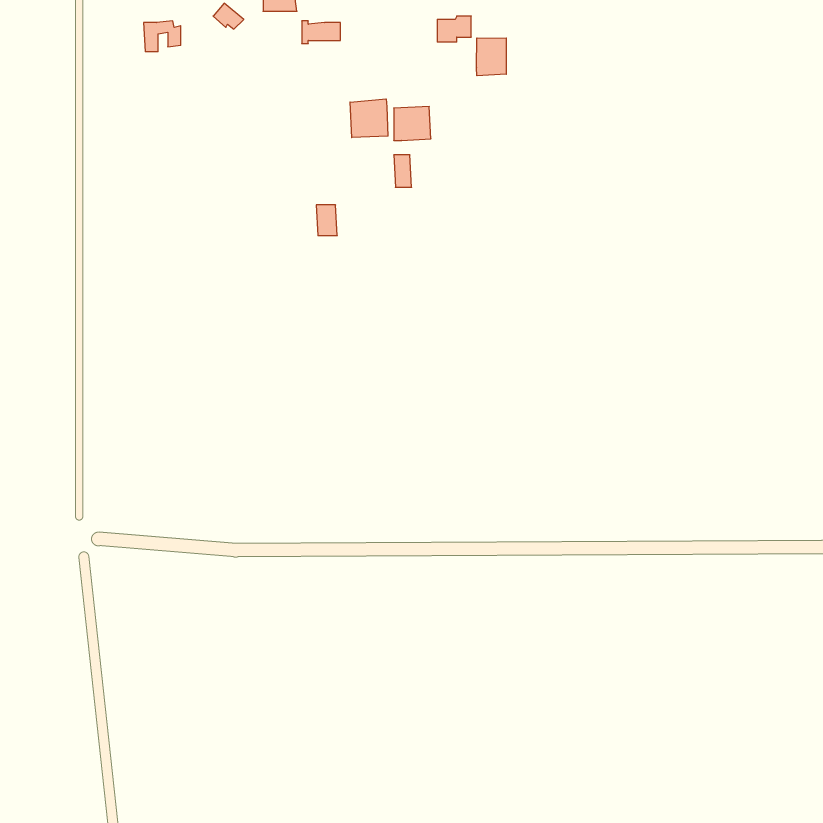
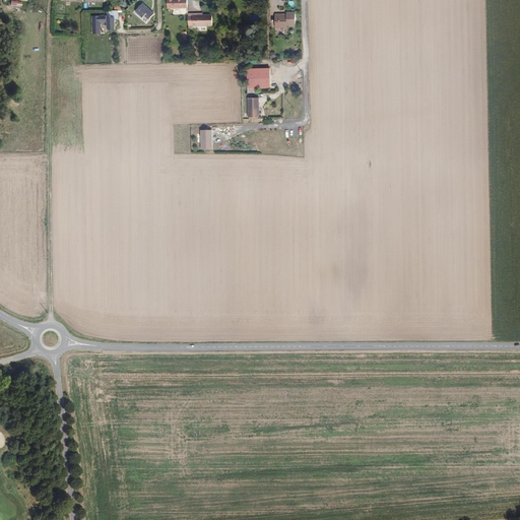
building: [477,38,506,76] -> none
building: [350,99,388,138] -> none

